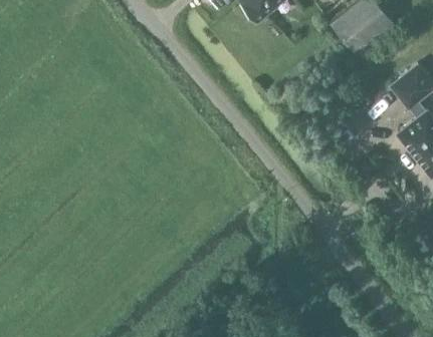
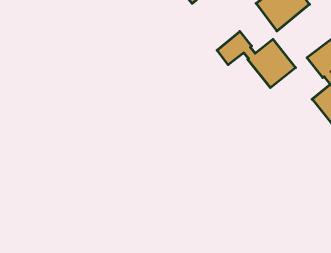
building: none -> [217,31,296,88]

